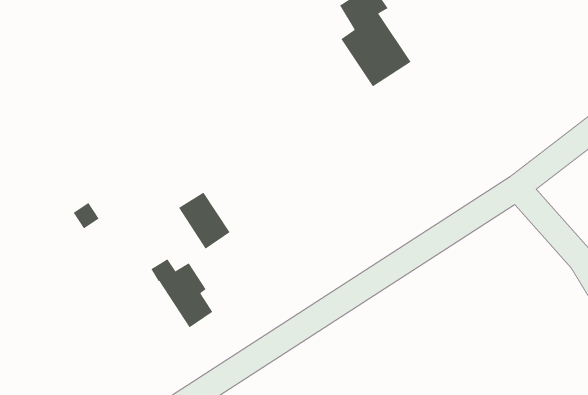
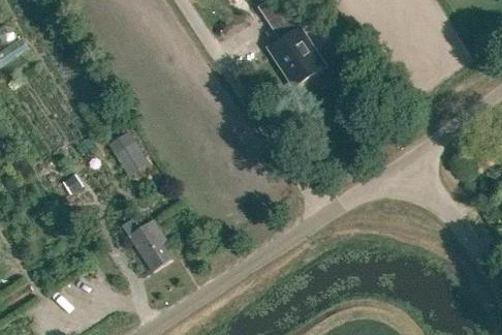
building: [178,192,231,249] -> [109,131,150,176]

